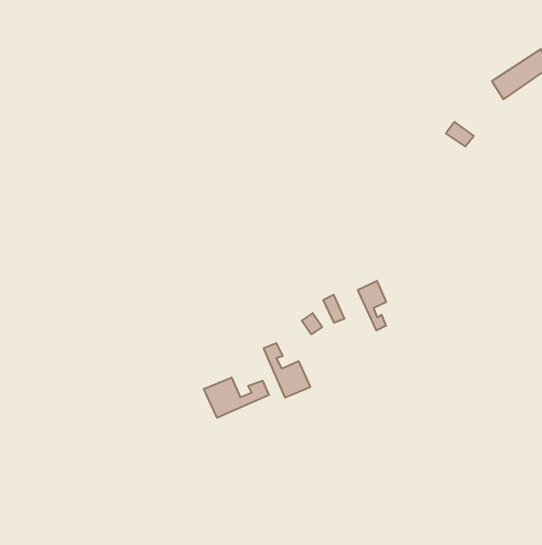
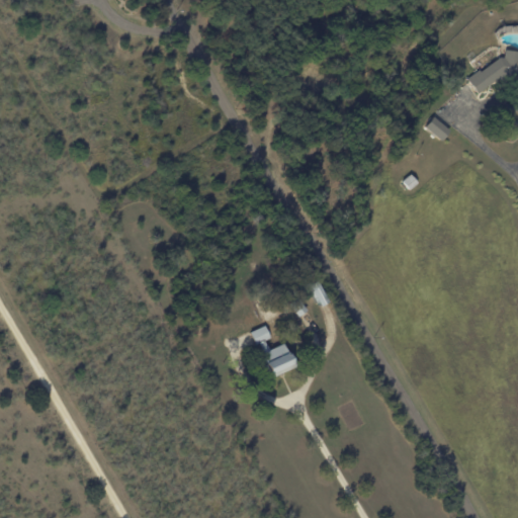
building: [358,281,386,330] -> none
building: [204,377,269,418] -> none

